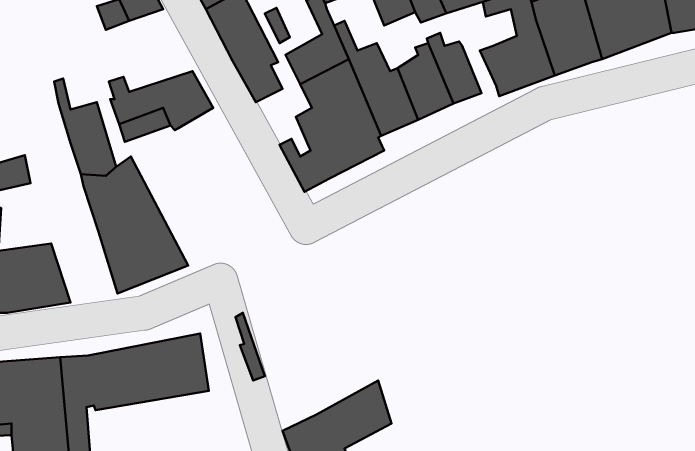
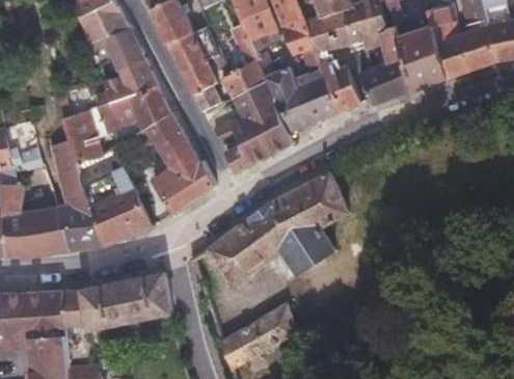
building: none -> [104,62,156,102]
building: none -> [145,113,216,212]
building: none -> [52,138,103,250]
building: none -> [206,170,346,290]

